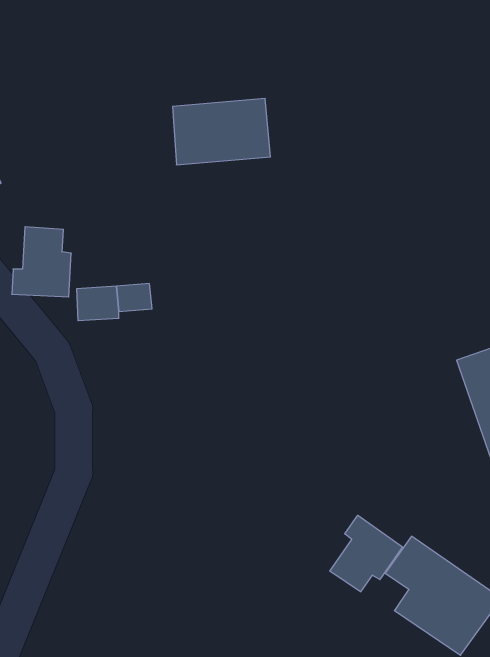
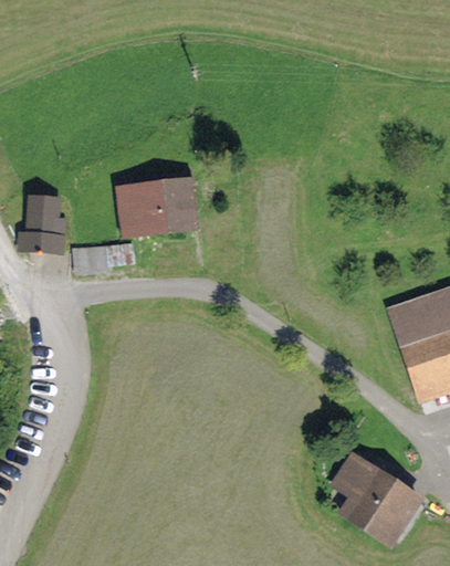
building: [173,99,270,165] -> [117,181,199,237]
building: [330,515,402,592] -> none

